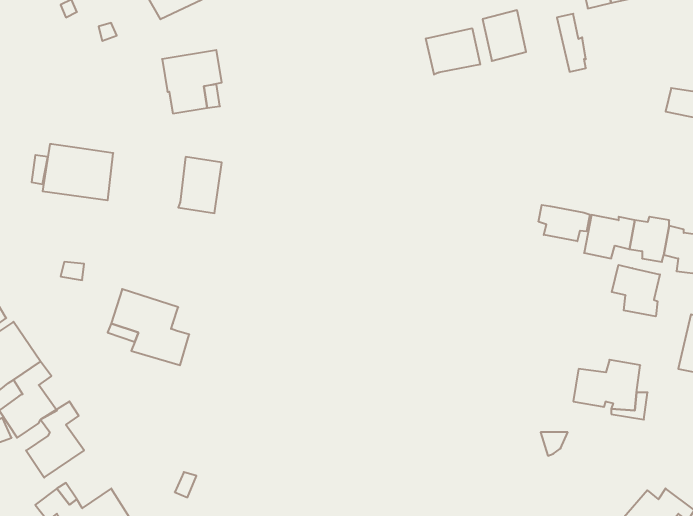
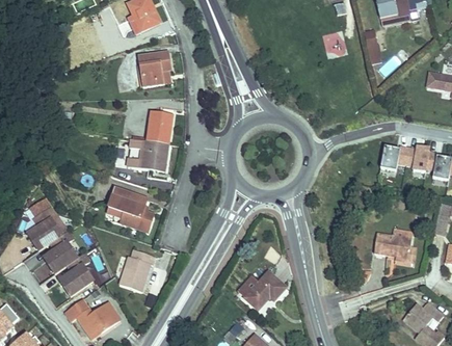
building: [426,28,480,75] -> none
building: [43,144,113,200] -> [127,138,167,170]
building: [539,205,590,241] -> none
building: [612,265,660,316] -> none
building: none -> [118,248,154,291]
building: none -> [238,271,285,309]

